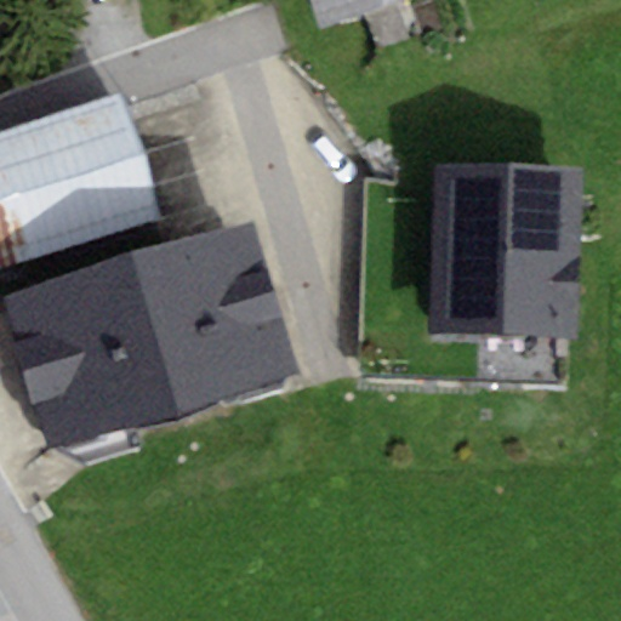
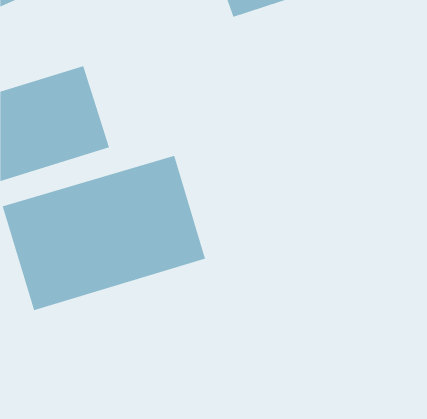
building: [431,160,580,335] -> none

